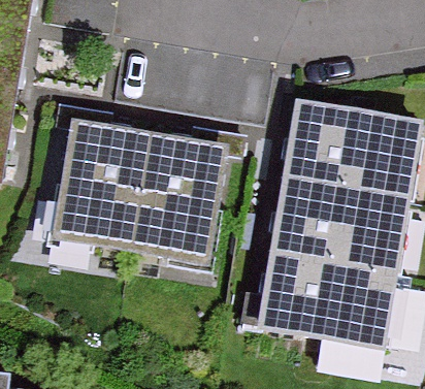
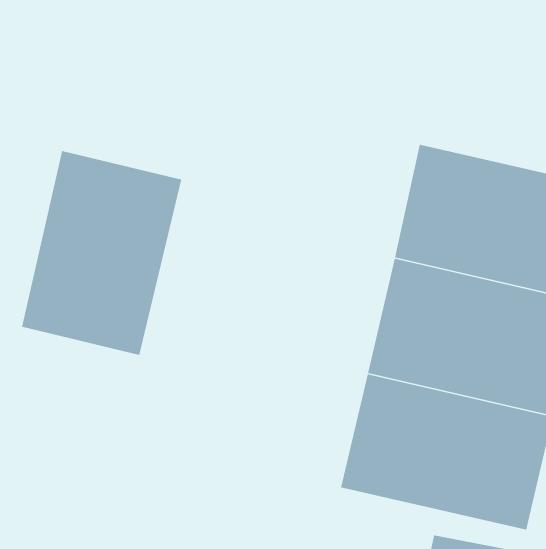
building: [128,136,225,262] -> none

